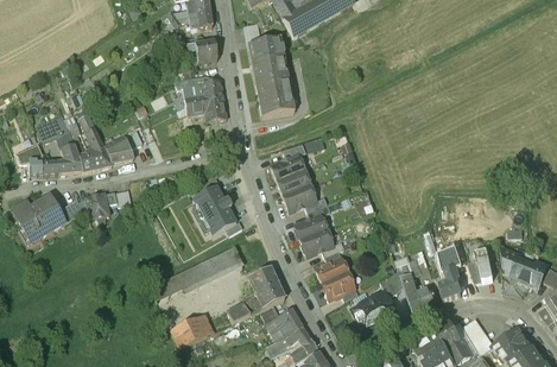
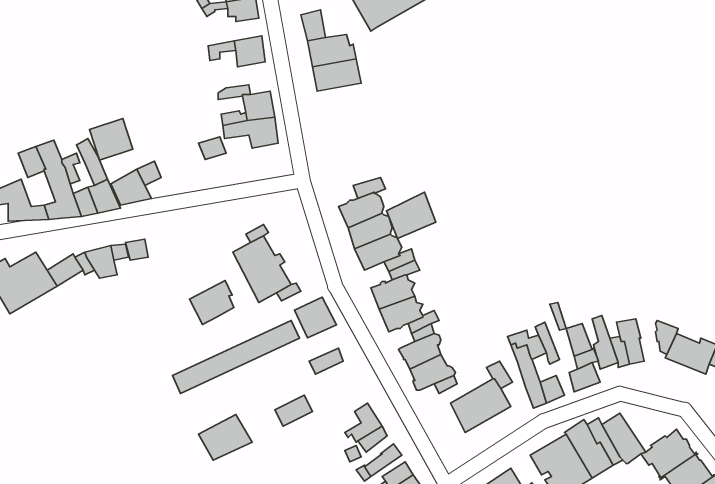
building: [255,74,295,115] -> none
building: none -> [89,118,133,160]
building: none -> [387,192,436,238]
building: none -> [189,281,234,325]
building: [254,277,285,306] -> [294,297,337,338]

